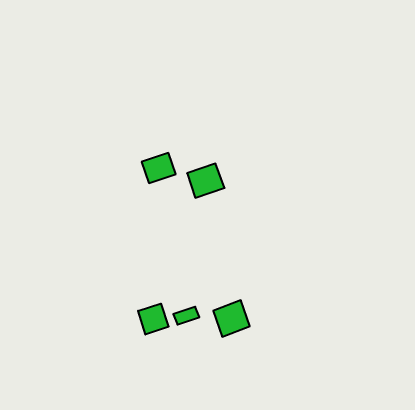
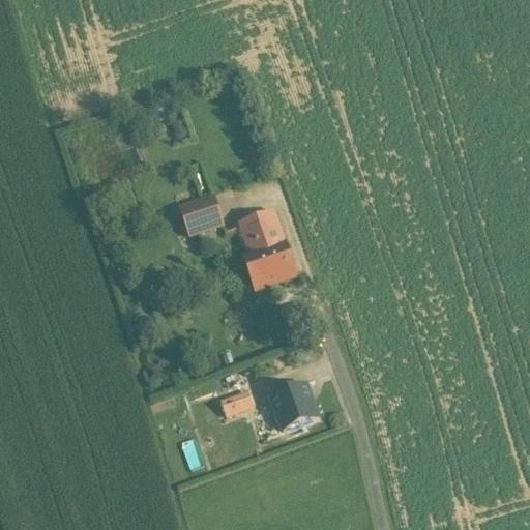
building: none -> [242,239,298,290]
building: [138,304,169,335] -> none

